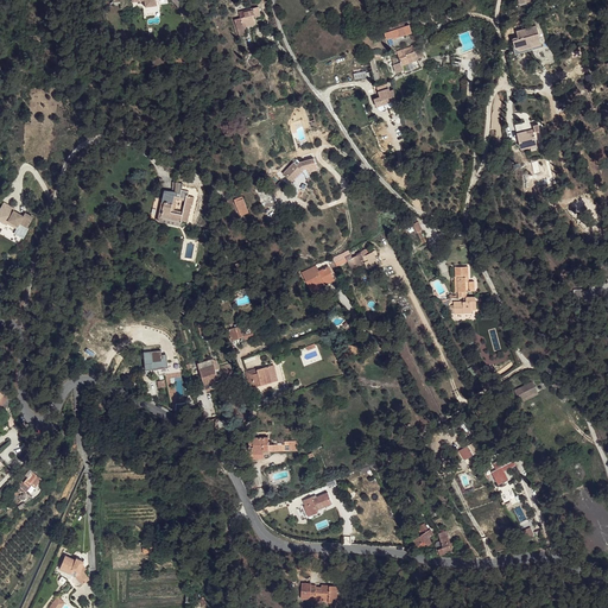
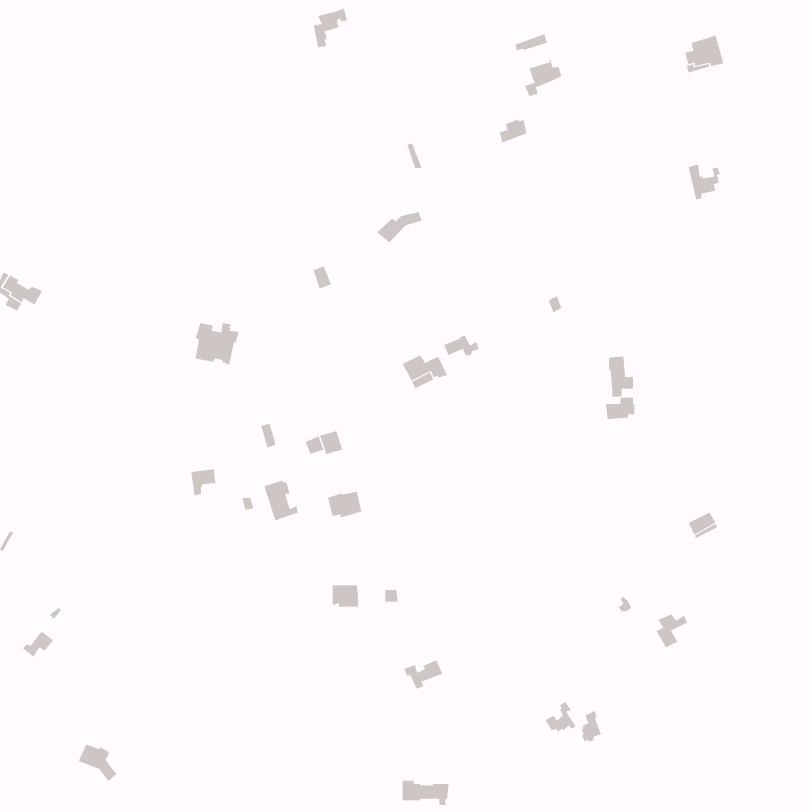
building: [160,190,194,222] -> [195,322,239,365]

